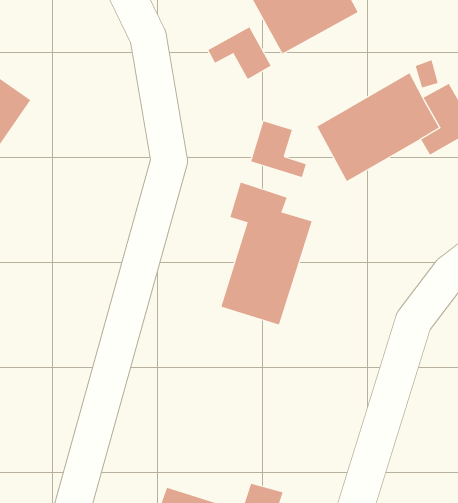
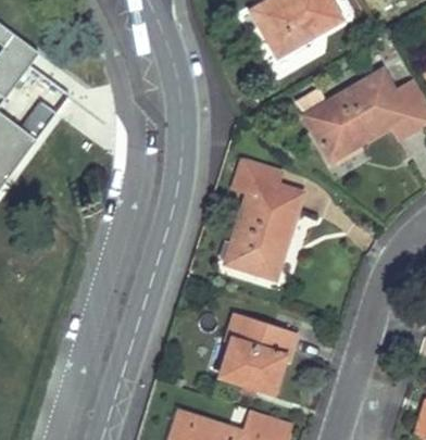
building: [207,26,272,80] -> none
building: [250,121,307,178] -> none
building: none -> [220,314,296,394]

